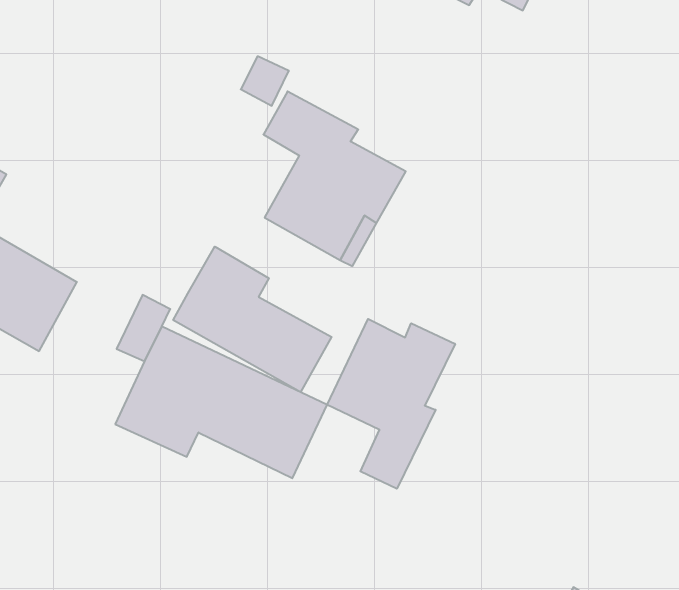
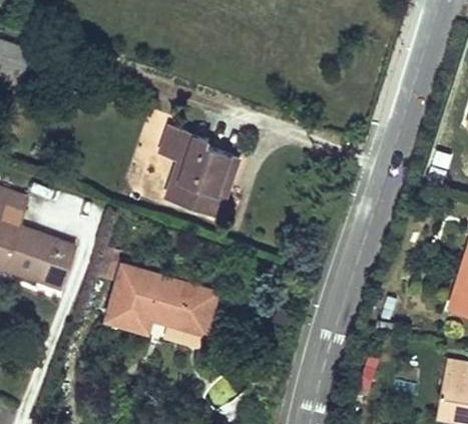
building: [173,247,332,392] -> none
building: [327,319,455,489] -> none

